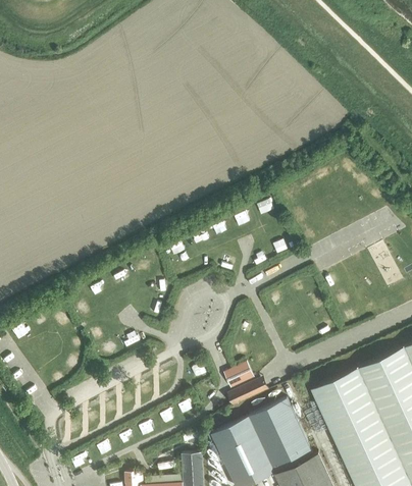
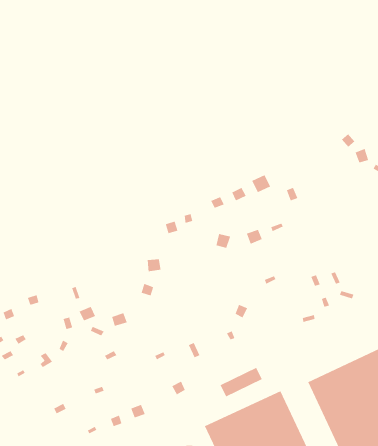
building: [223,363,254,389] -> none

